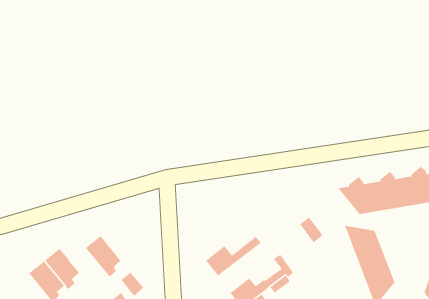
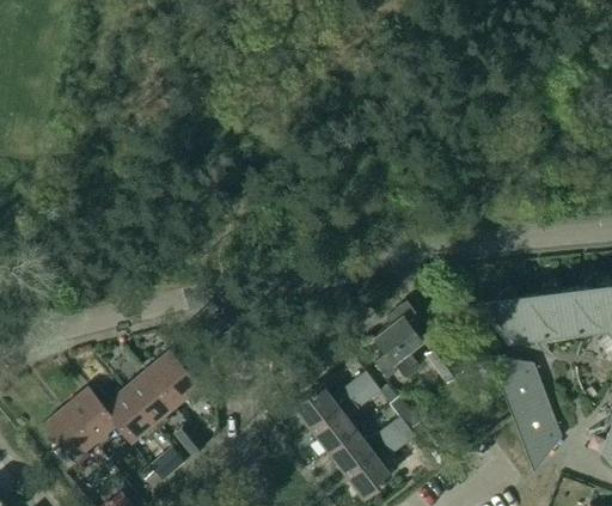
building: none -> [373,303,420,378]
building: none -> [146,352,203,407]
building: none -> [311,382,380,452]
building: none -> [102,389,158,444]

